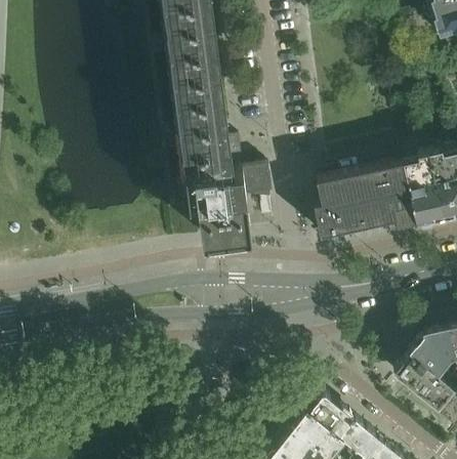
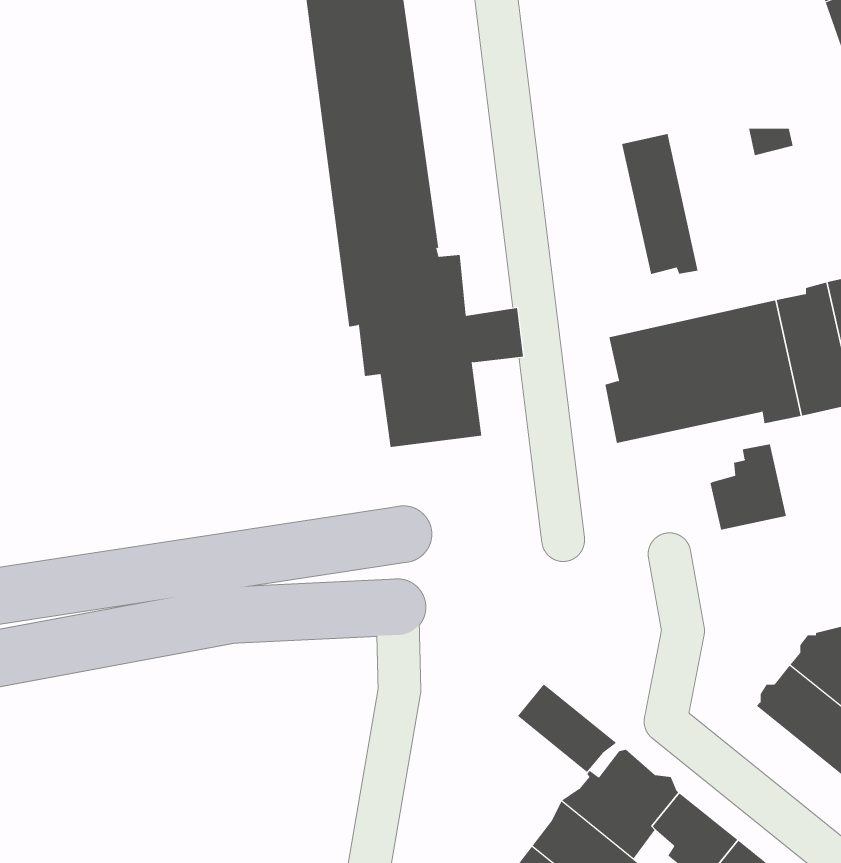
building: none -> [622,133,698,275]
building: none -> [710,443,786,531]
building: none -> [517,684,617,773]

